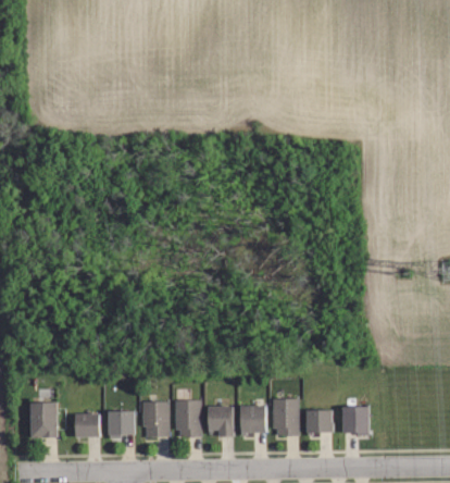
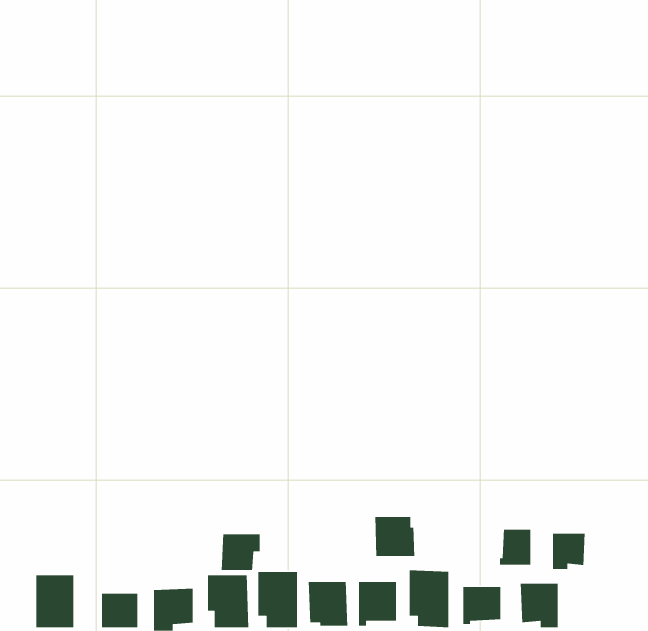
building: none -> [374,516,415,557]
building: none -> [499,529,531,566]
building: none -> [552,533,586,570]
building: none -> [221,533,260,571]

